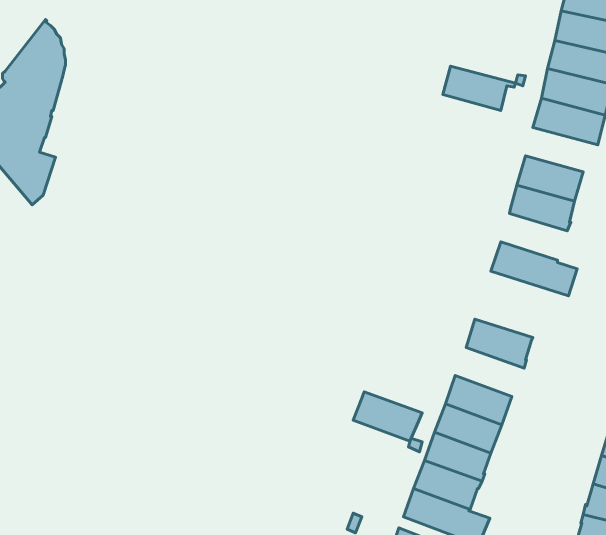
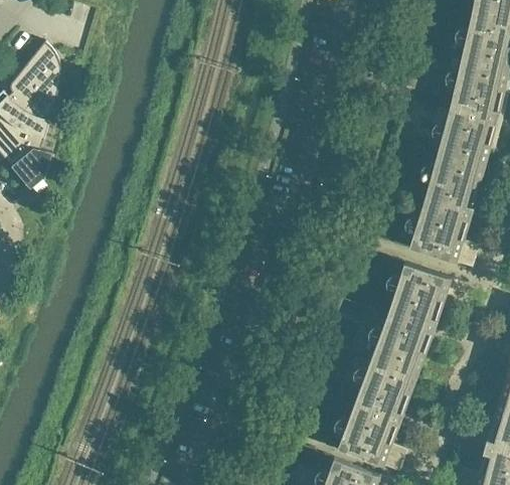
building: [443,66,516,110] -> [436,129,495,165]
building: none -> [415,199,470,237]
building: none -> [394,262,466,305]
building: [353,392,422,441] -> [378,309,435,349]

